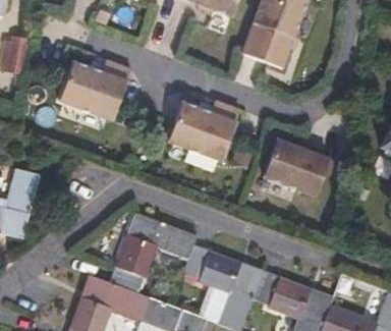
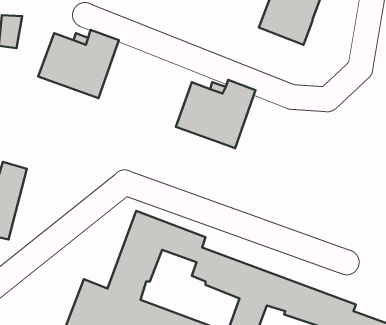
building: [266,135,332,191] -> none

